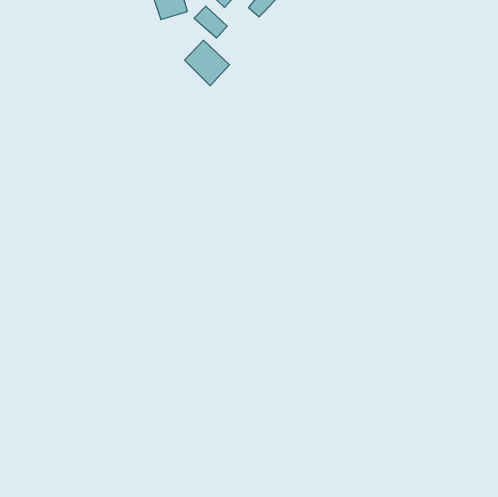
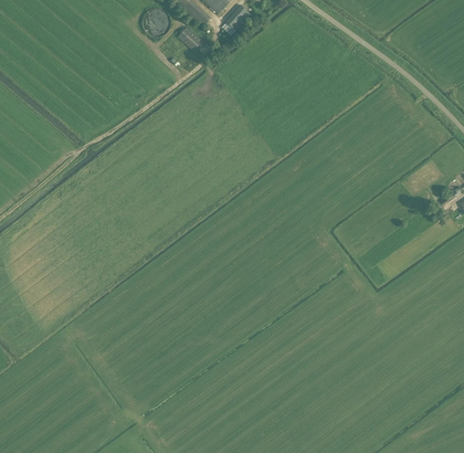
building: [184,40,230,86] -> none

